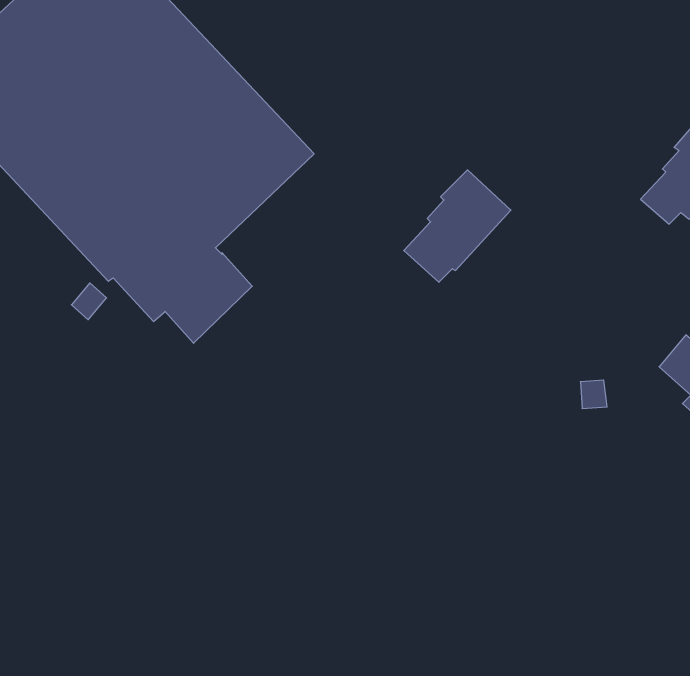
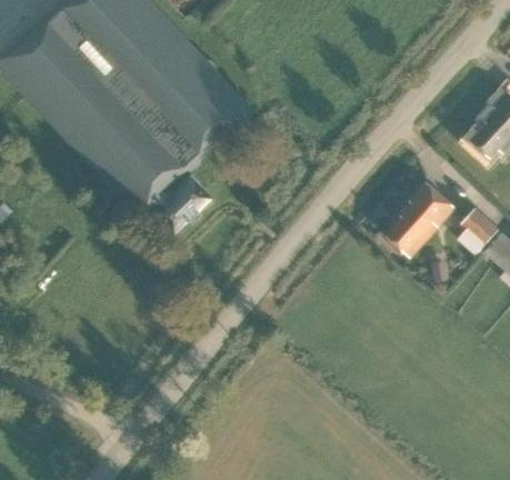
building: [404,170,511,282] -> [380,177,451,251]
building: none -> [453,203,493,241]

